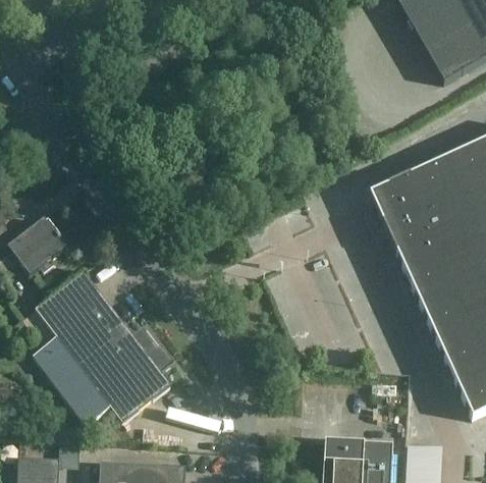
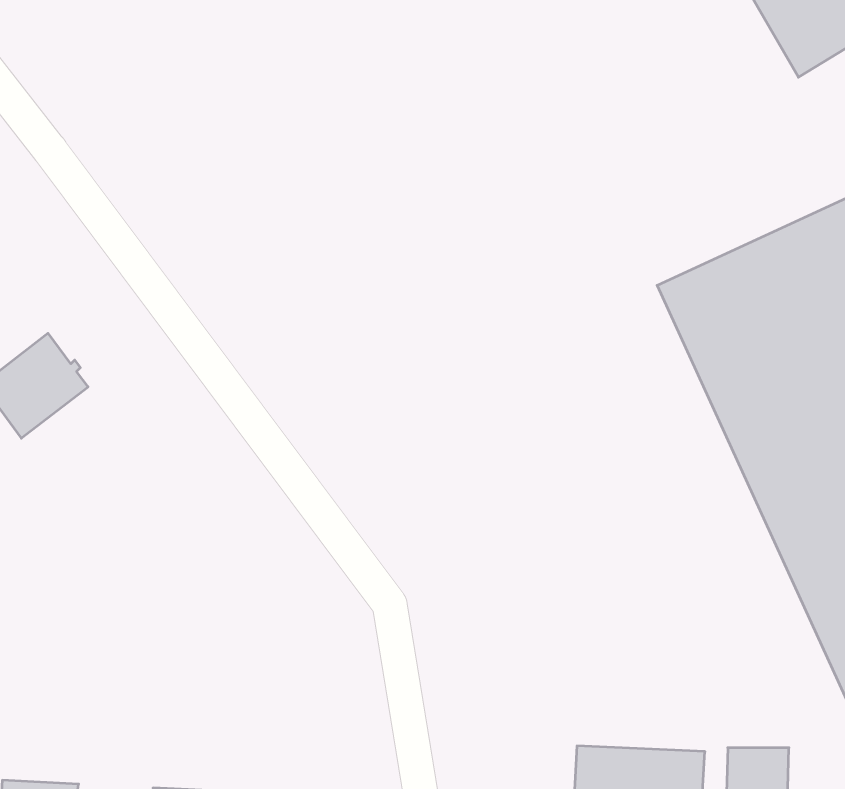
building: [35,271,174,425] -> none

